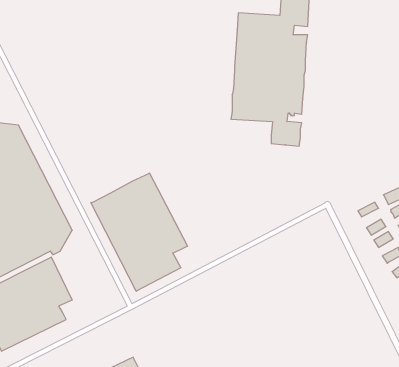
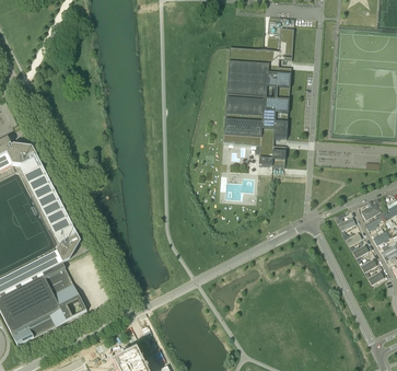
building: [91,173,187,291] -> none

